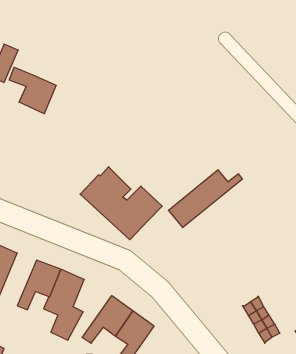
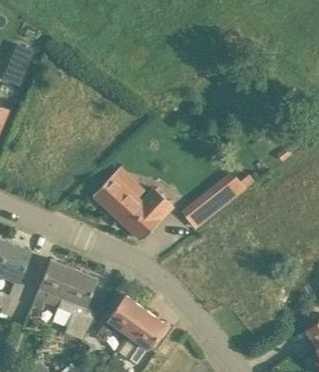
building: [9,67,56,114] -> none

